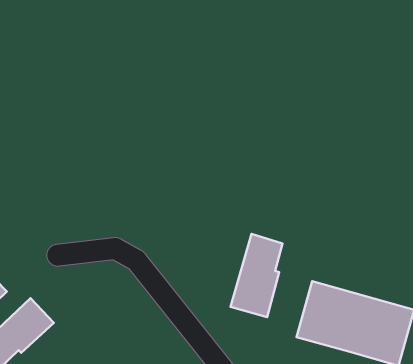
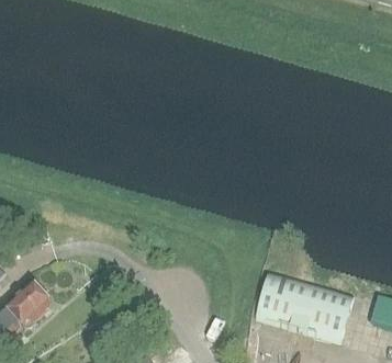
building: [231,234,283,317] -> none

